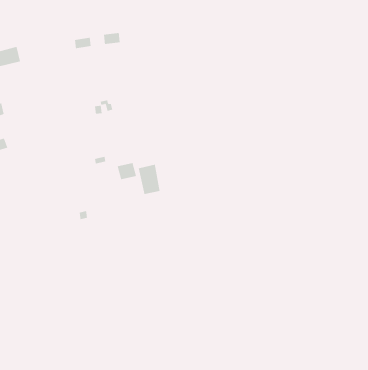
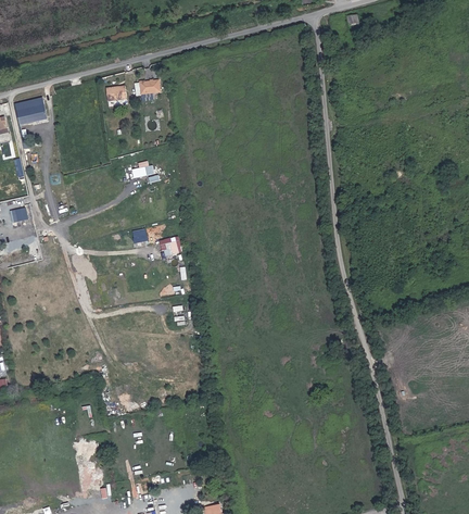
building: [138,164,160,195] -> none

